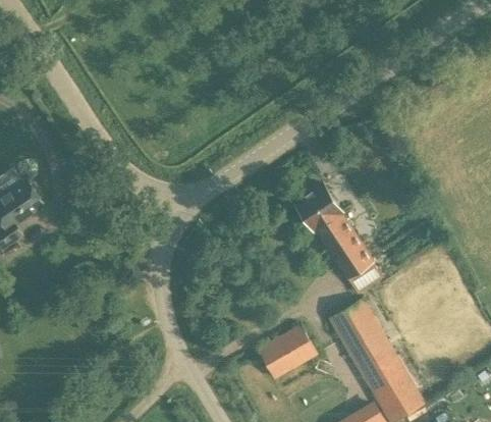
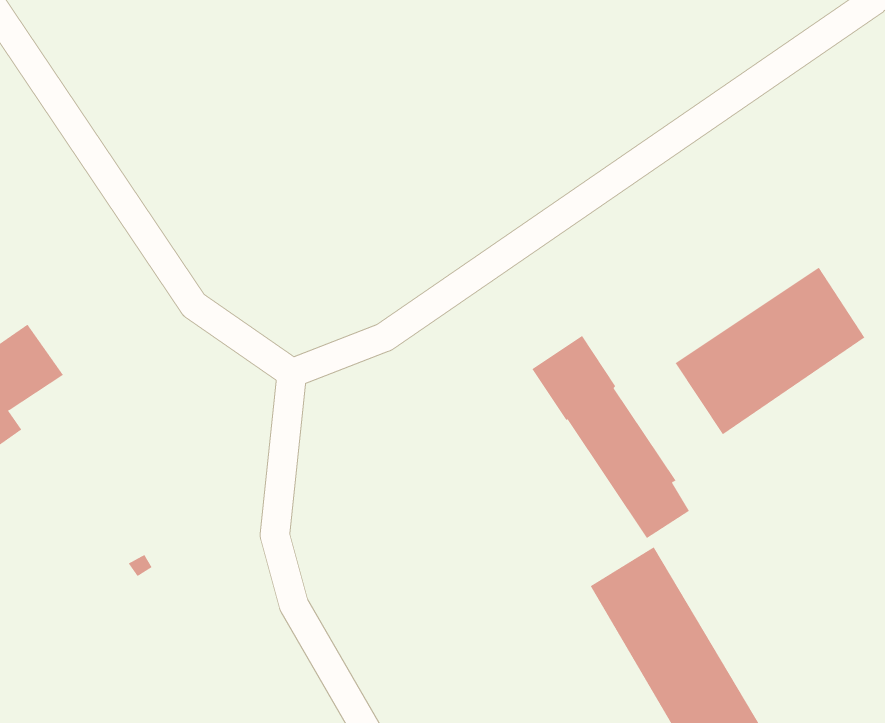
building: none -> [675,267,865,435]
building: [257,324,318,380] -> none

